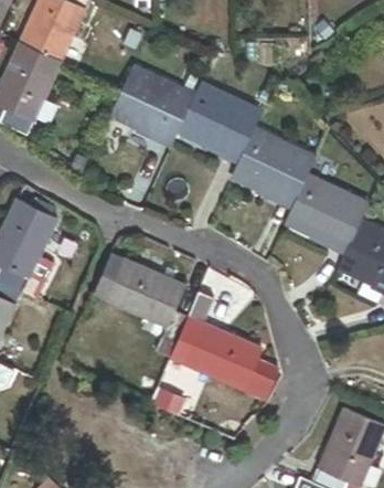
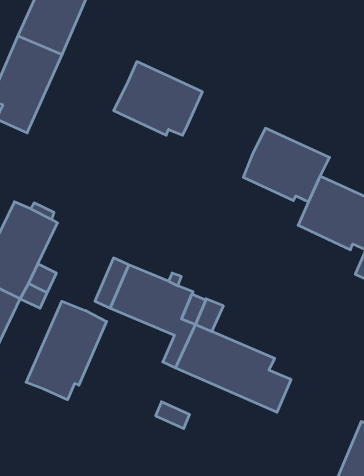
building: [179,84,262,155] -> none
building: none -> [26,301,107,400]

